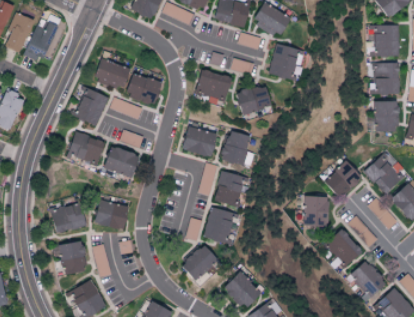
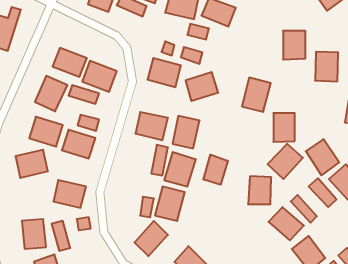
building: [375,25,399,56] -> [283,31,305,60]
building: [268,43,299,80] -> [242,78,271,112]
building: [375,101,398,132] -> [273,113,295,142]
building: none -> [203,155,228,185]
building: [51,203,86,233] -> [15,150,48,178]

